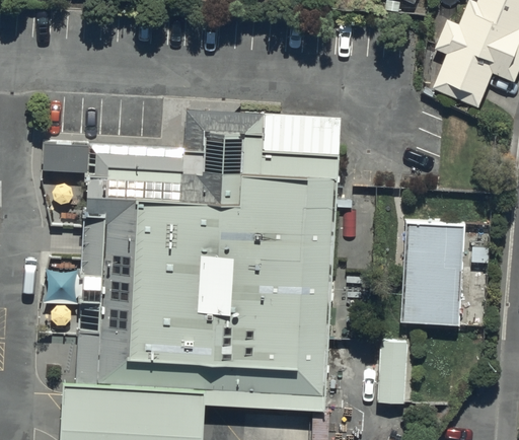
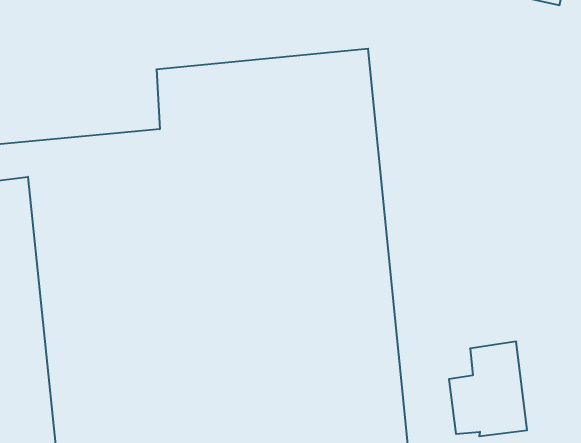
building: [401,223,463,325] -> none

